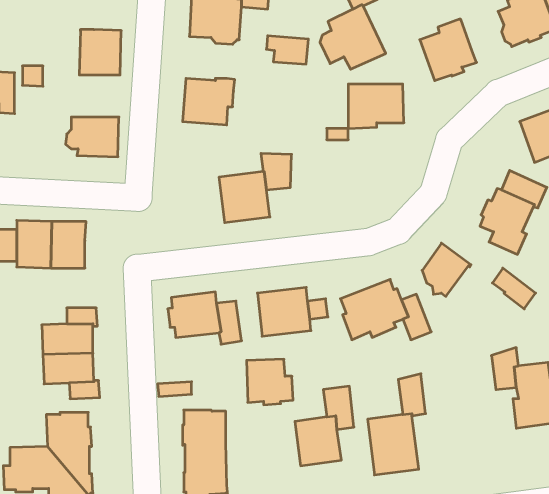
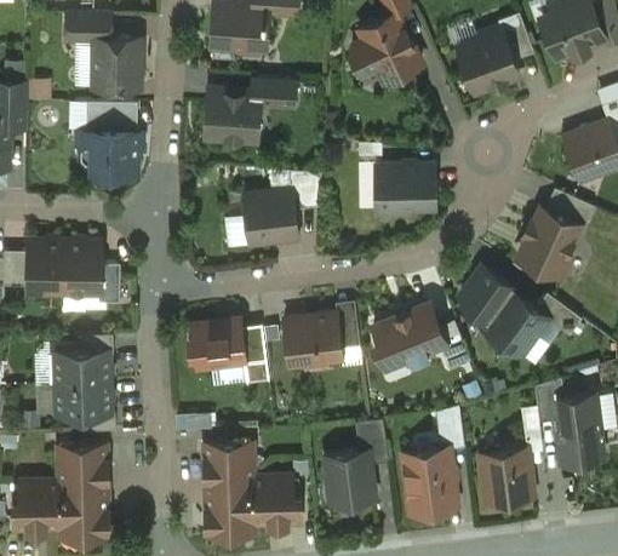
building: none -> [497,13,533,62]
building: none -> [65,15,109,40]
building: [266,36,308,64] -> [251,76,296,107]
building: [348,84,404,128] -> [374,166,434,213]
building: none -> [74,102,136,132]
building: none -> [97,264,119,304]
building: none -> [481,291,548,356]
building: [247,359,293,405] -> [250,478,299,527]
building: none -> [479,449,532,504]

